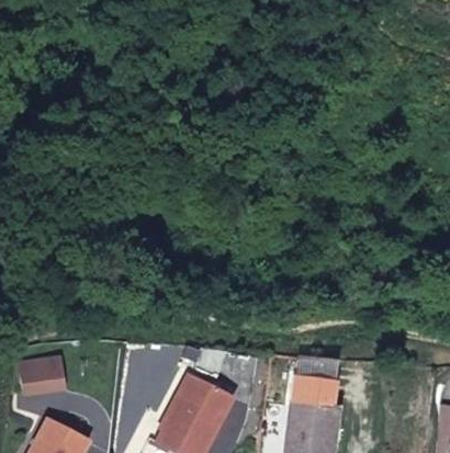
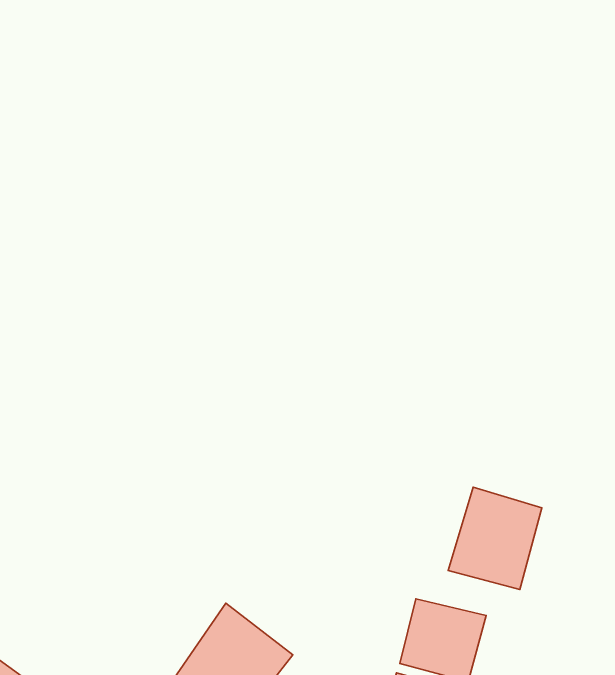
building: none -> [448,487,542,589]

